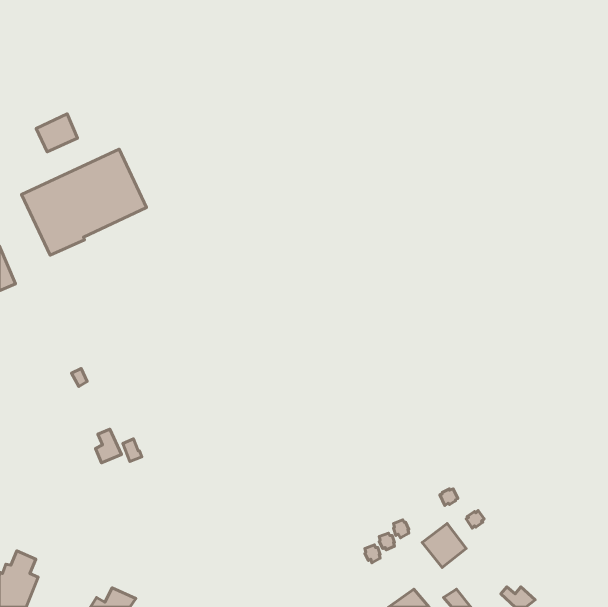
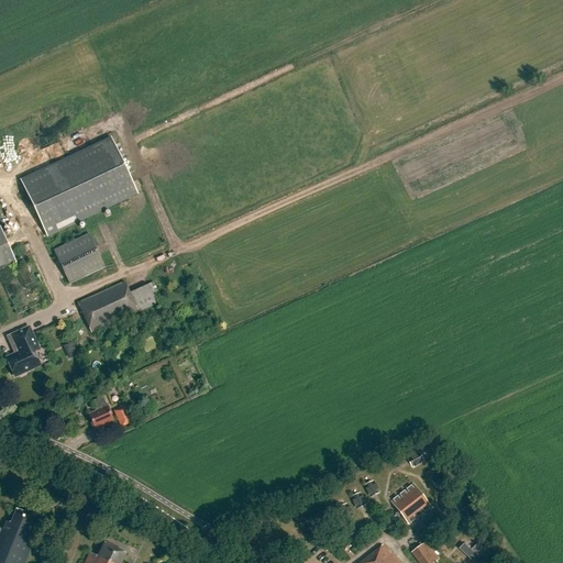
building: [36,114,78,152] -> none
building: none -> [55,233,106,282]
building: none -> [76,280,156,332]
building: none -> [5,328,37,374]

